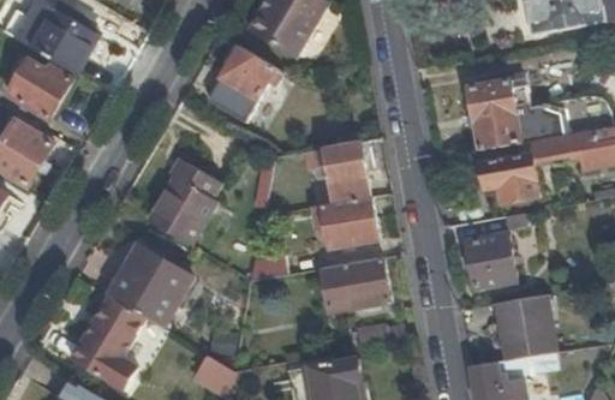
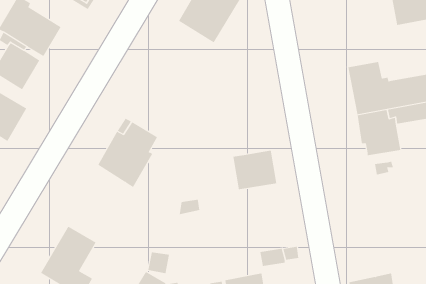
building: [208,47,282,121] -> none
building: [317,142,369,203] -> none
building: [464,234,514,288] -> none
building: [106,249,186,327] -> none
building: [318,257,389,314] -> none
building: [495,294,555,362] -> none

